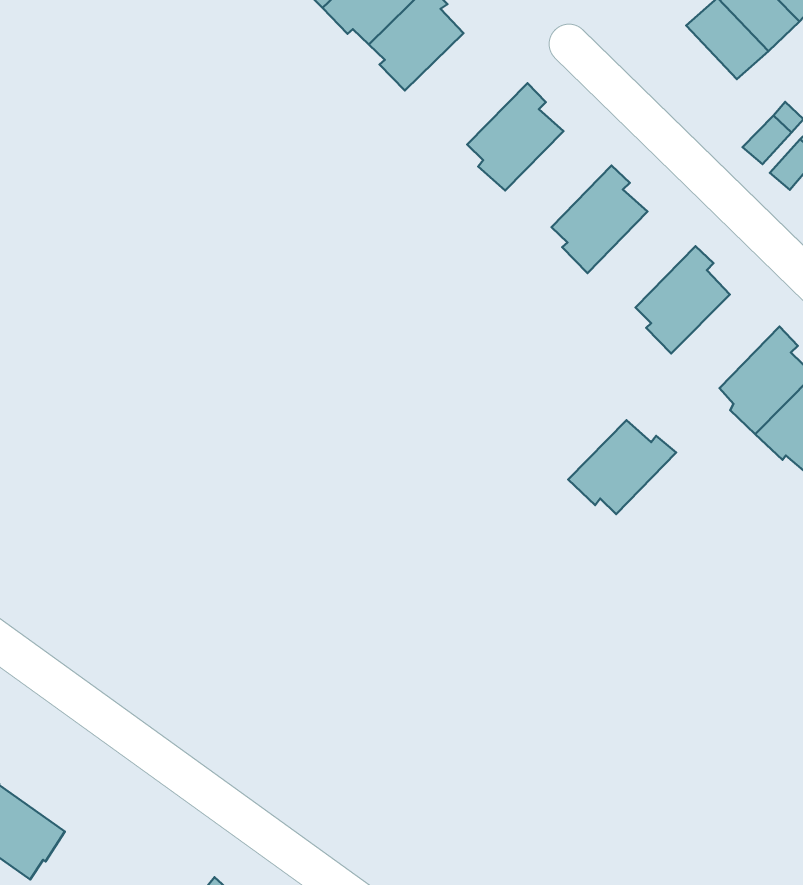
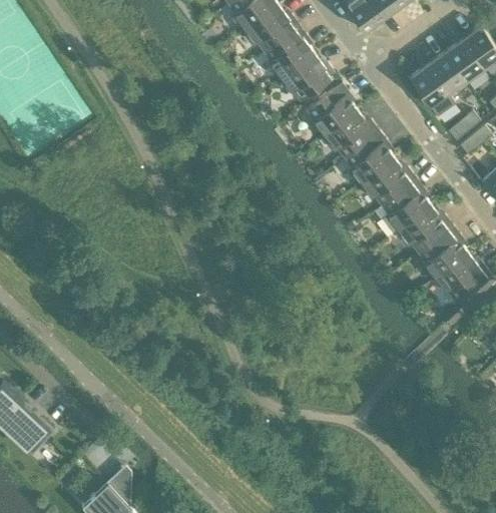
building: none -> [409,65,455,117]
building: none -> [279,53,336,101]
building: none -> [323,110,379,158]
building: none -> [359,157,416,205]
building: [568,420,676,514] -> [396,205,453,252]

